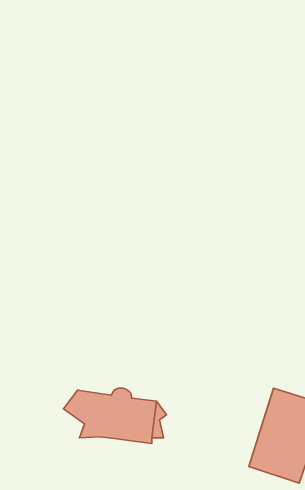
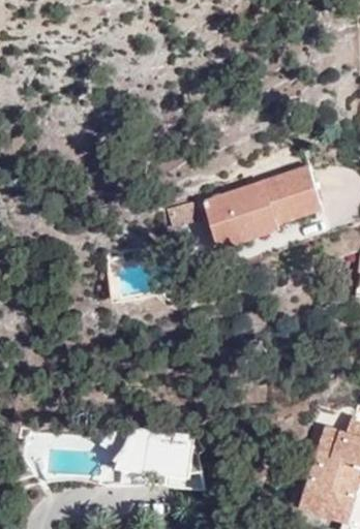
building: none -> [205,167,321,240]

